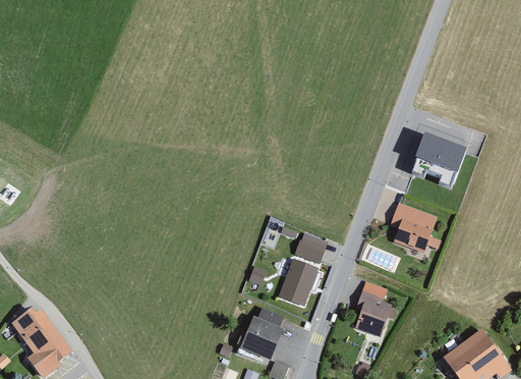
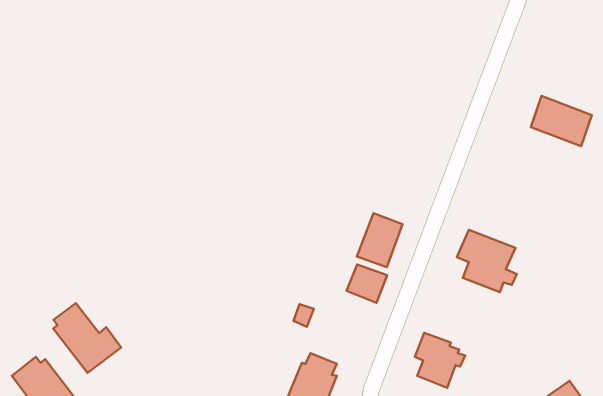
building: [415,138,467,180] -> [531,96,592,146]
building: [279,257,317,303] -> [357,213,402,267]
building: none -> [53,303,121,373]

